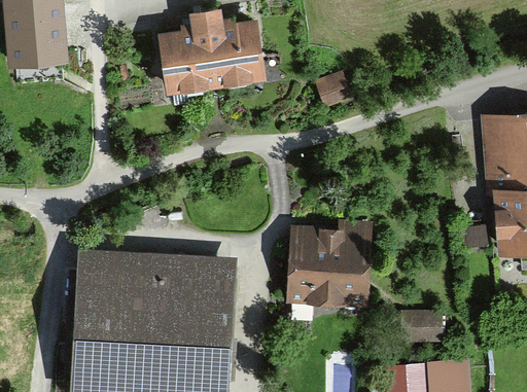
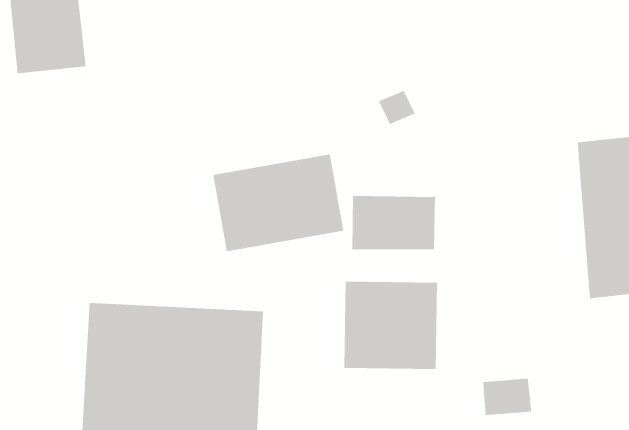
building: [148,13,257,95] -> [213,154,344,252]
building: none -> [352,195,435,250]

